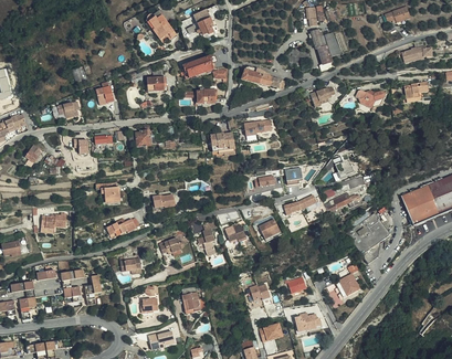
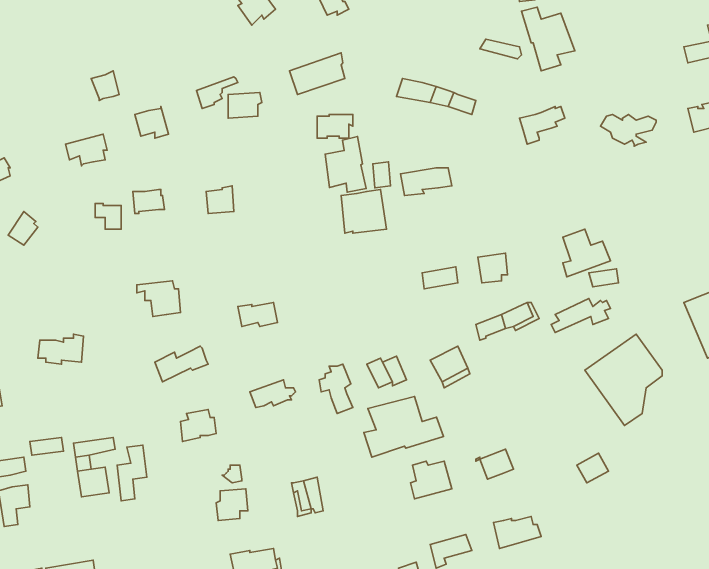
building: none -> [325,137,366,192]
building: none -> [364,397,444,457]

